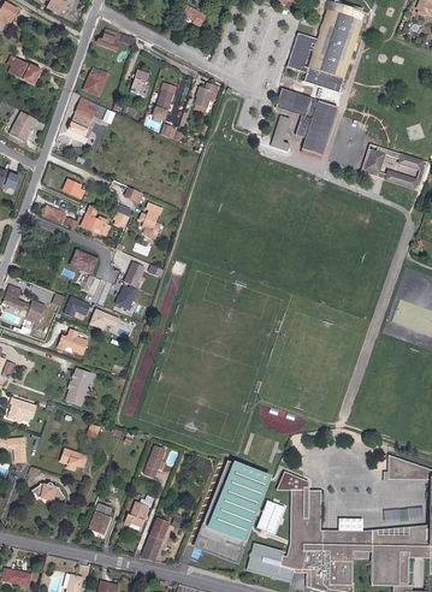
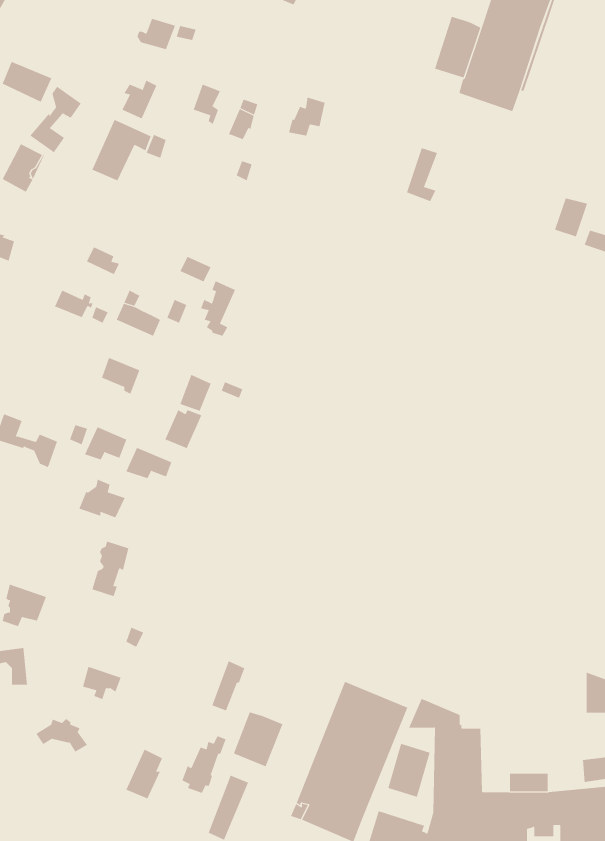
building: none -> [30,86,82,153]
building: [274,89,338,159] -> none
building: none -> [233,712,283,767]

